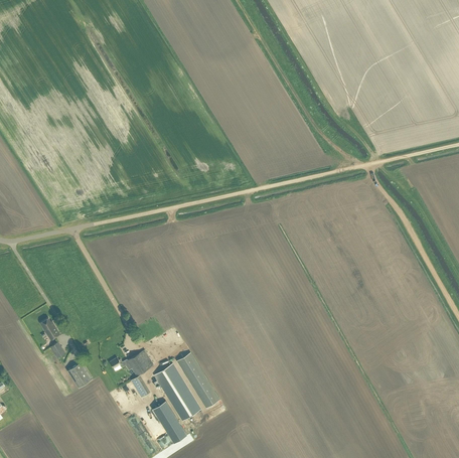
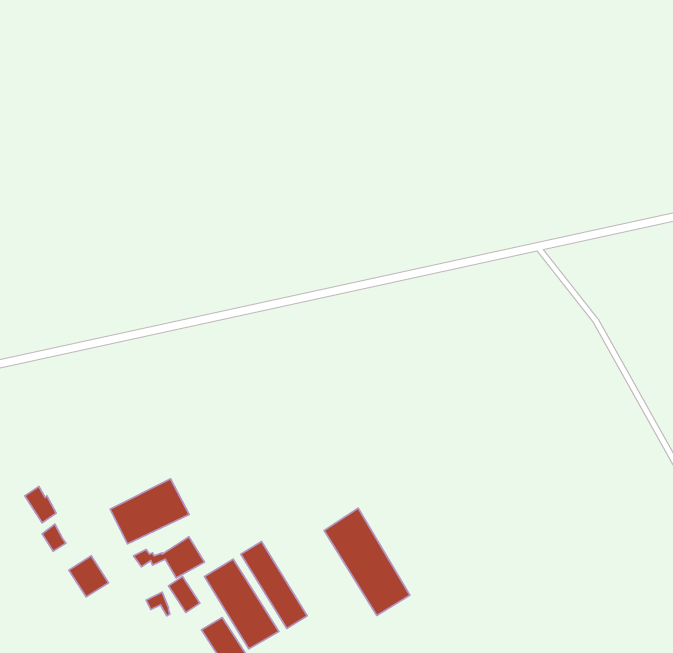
building: none -> [110,479,189,544]
building: none -> [324,508,410,615]

